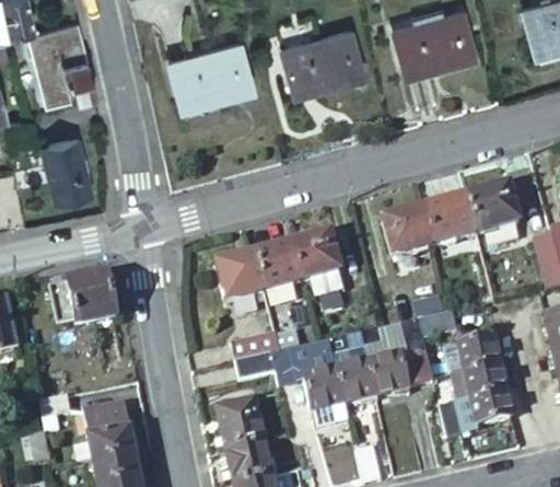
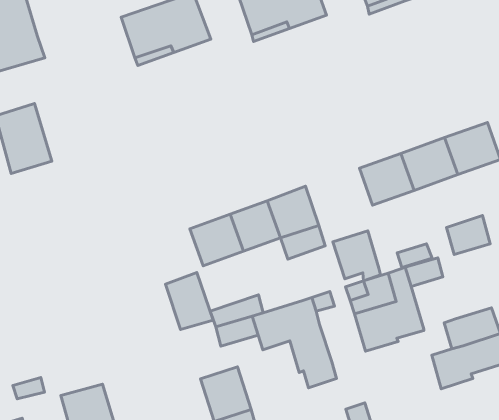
building: [50,275,116,325] -> none
building: none -> [165,272,213,330]
building: [457,334,498,369] -> [446,215,490,255]
building: [334,357,376,404] -> [333,231,380,281]

